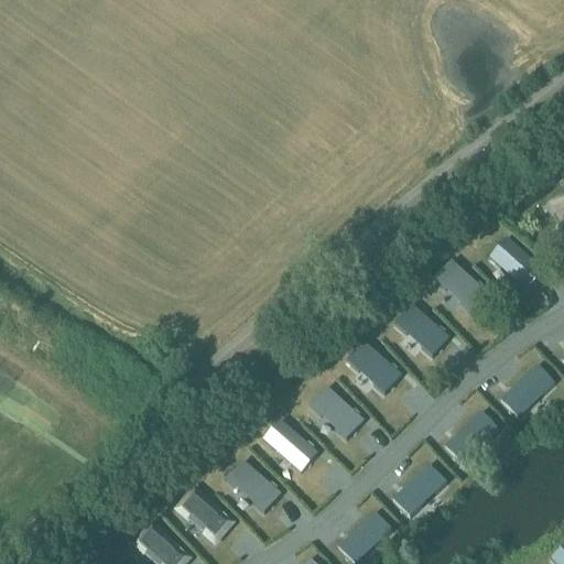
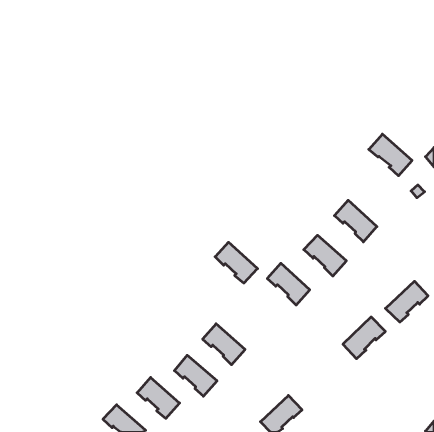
building: [488,236,544,290] -> [369,134,412,176]
building: [308,386,364,438] -> [215,242,258,283]
building: [394,465,444,518] -> none

